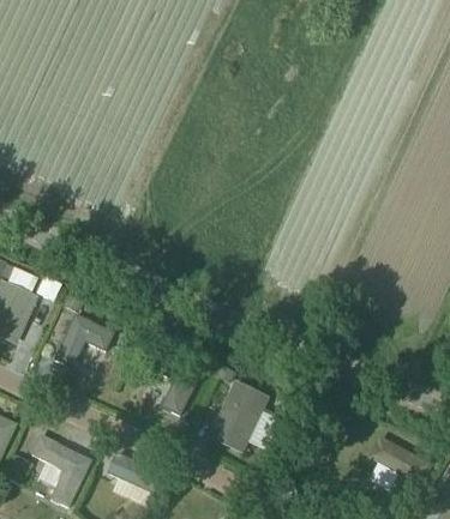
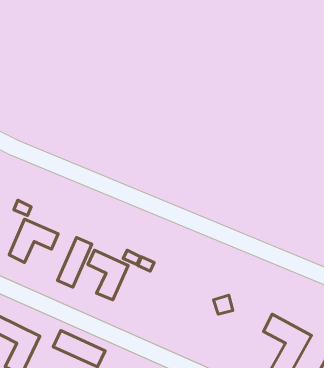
building: none -> [57,238,92,287]
building: [212,379,270,441] -> none

